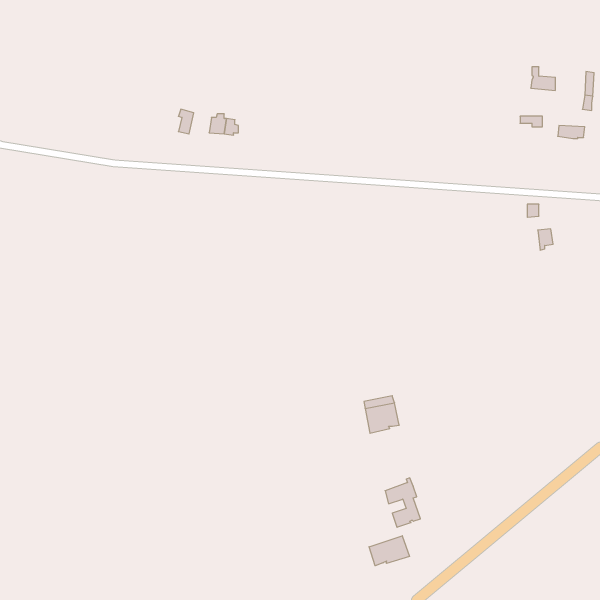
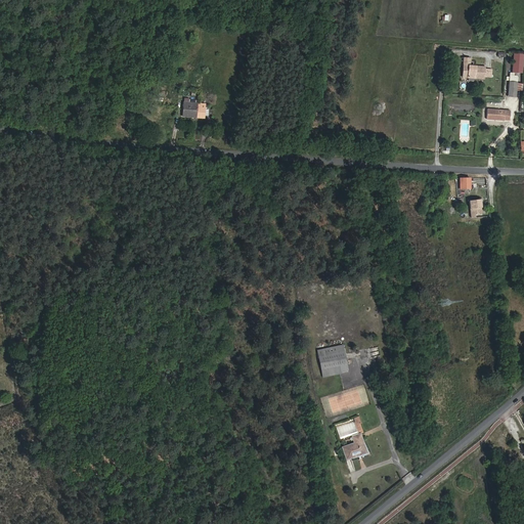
building: [369,536,409,566] -> none

